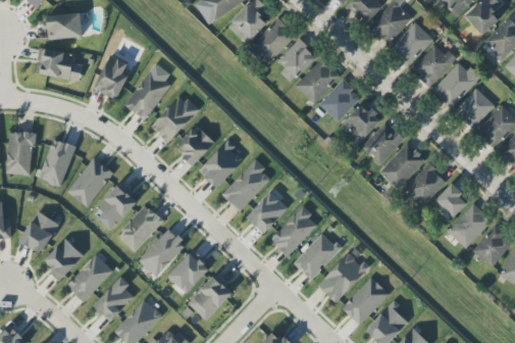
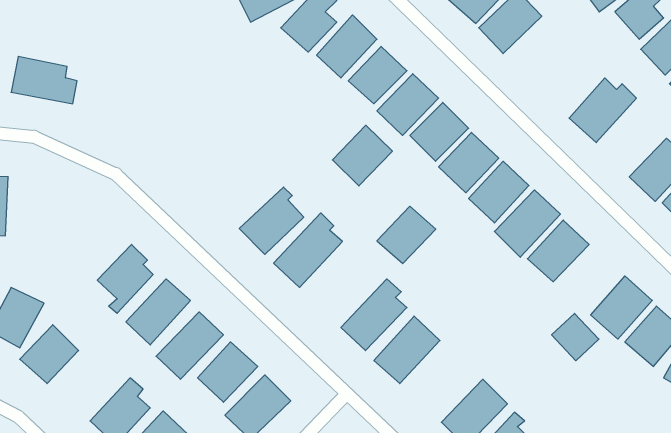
building: [46,13,83,39] -> none
building: [390,21,433,66] -> none
building: [411,43,455,87] -> none
building: [95,56,132,99] -> none
building: [124,65,171,119] -> none
building: [456,89,495,129] -> none
building: [150,95,199,142] -> none
building: none -> [332,125,392,186]
building: [178,126,215,166] -> none
building: [38,138,75,187] -> none
building: [67,157,114,206] -> none
building: [435,184,469,217] -> [552,313,599,361]
building: [247,192,289,233] -> [377,206,436,264]
building: [317,252,367,303] -> none
building: [66,254,113,301] -> none

